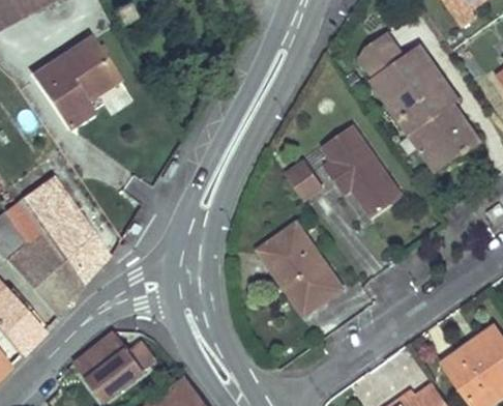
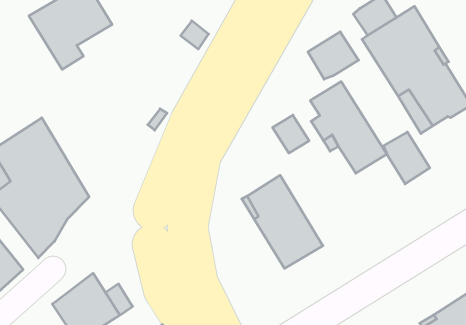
building: none -> [308,32,359,79]
building: none -> [383,132,430,184]

